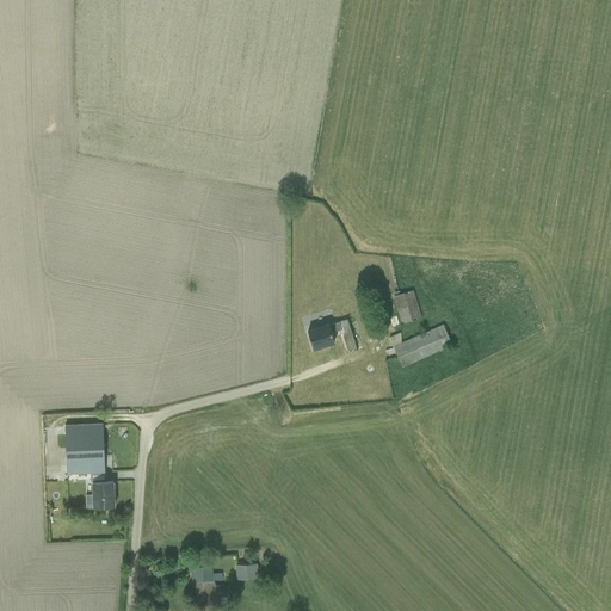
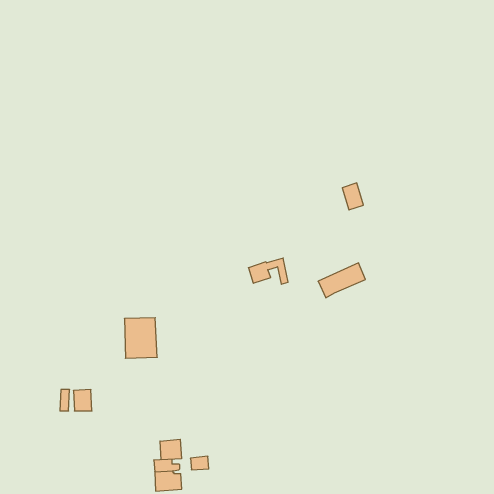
building: [394,290,420,323] -> [342,183,363,210]
building: [64,424,105,474] -> [124,318,157,358]
building: none -> [160,439,181,460]

